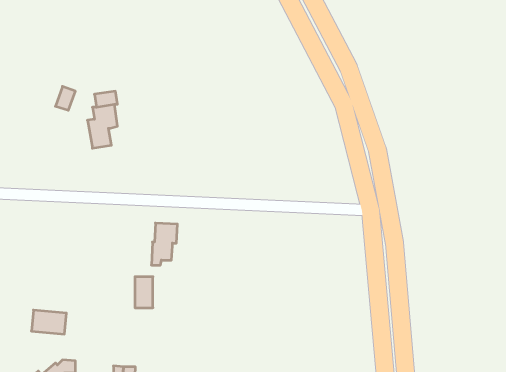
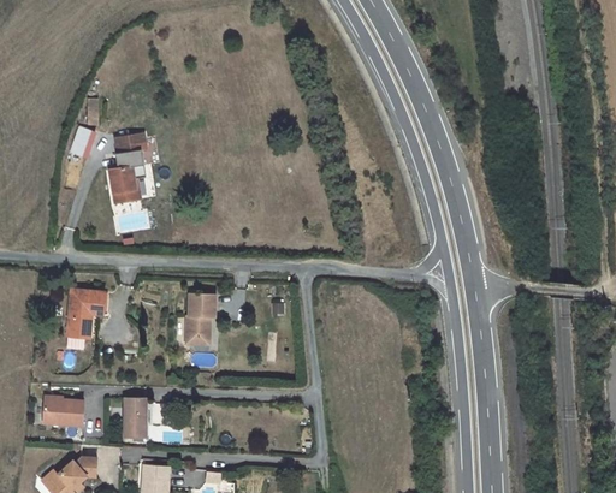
building: none -> [67,289,106,337]
building: [135,277,153,308] -> [124,398,146,435]

